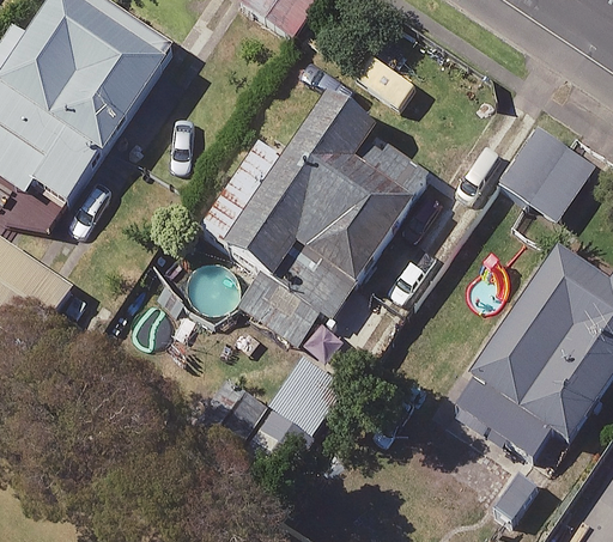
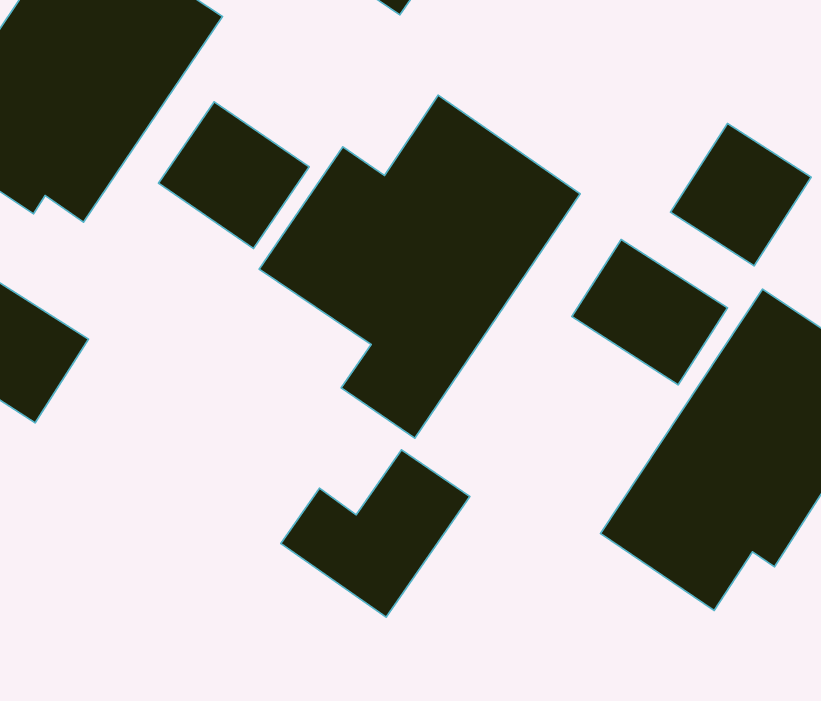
building: none -> [159,102,309,248]
building: none -> [572,239,728,385]

